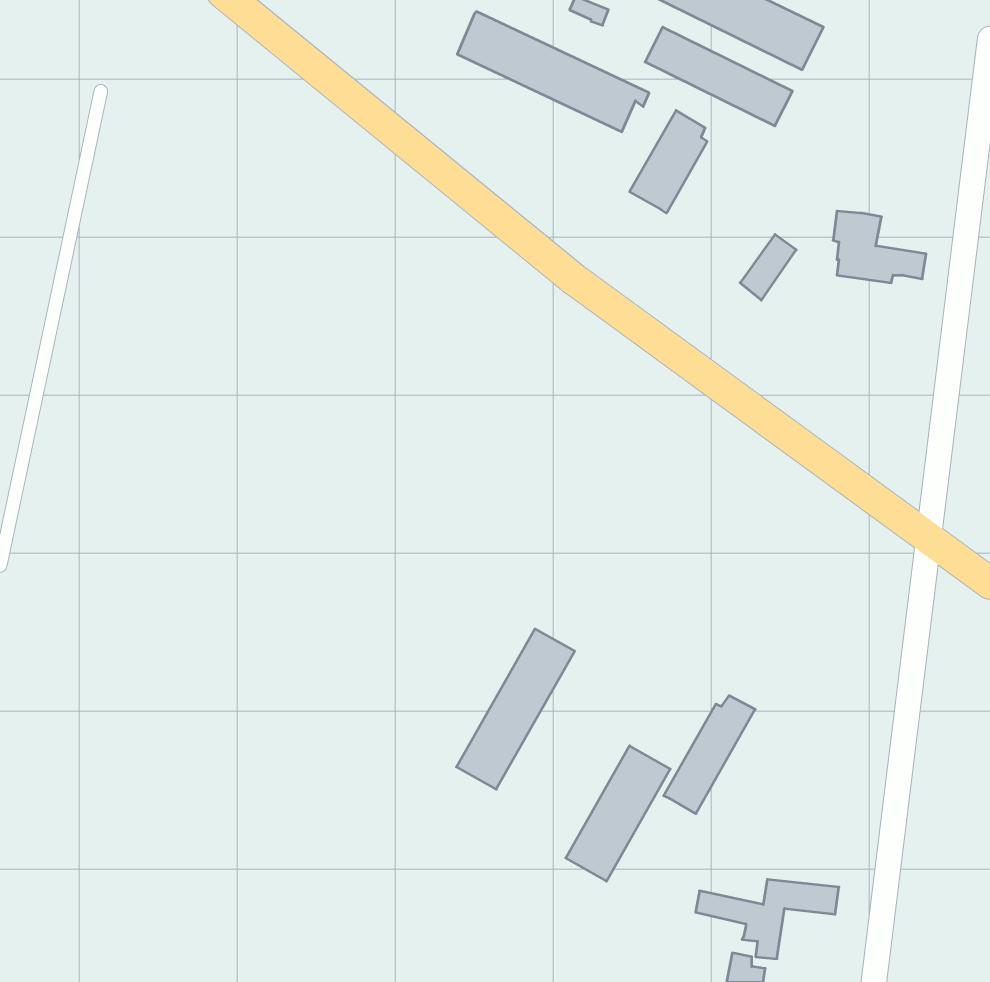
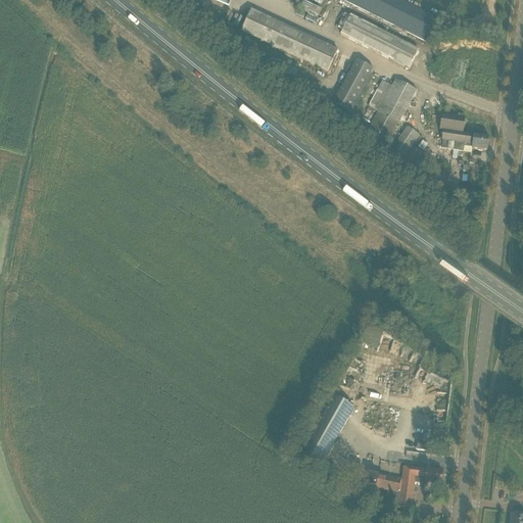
building: none -> [365,77,417,144]
building: [456,629,575,789] -> none
building: [664,696,755,814] -> none

